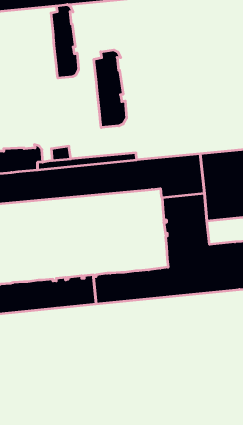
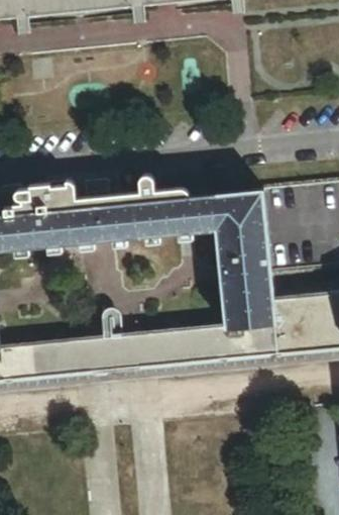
building: [51,4,78,78] -> none
building: [94,50,127,128] -> none

